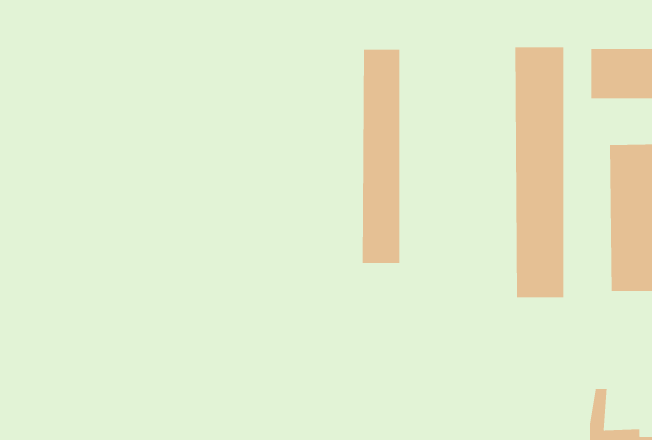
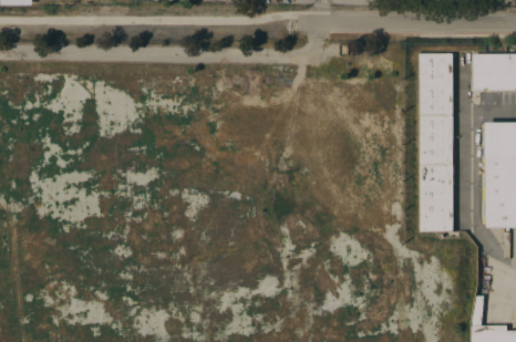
building: [362,49,400,264] -> none

